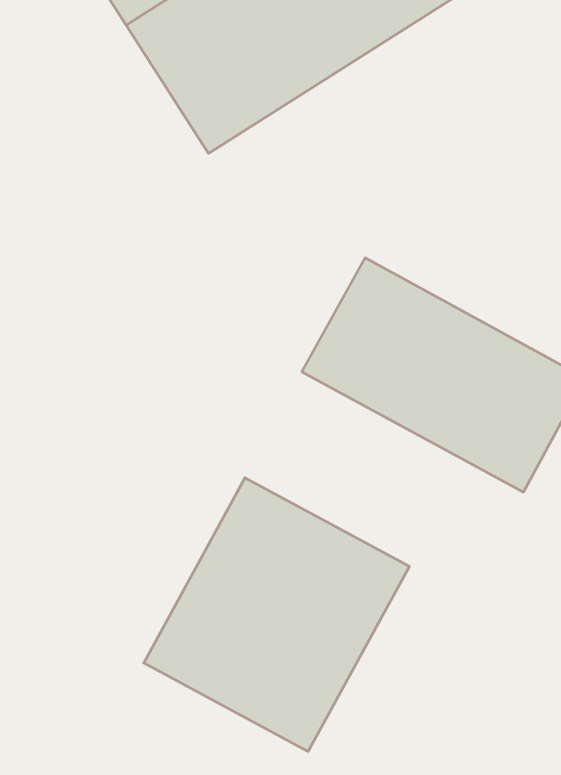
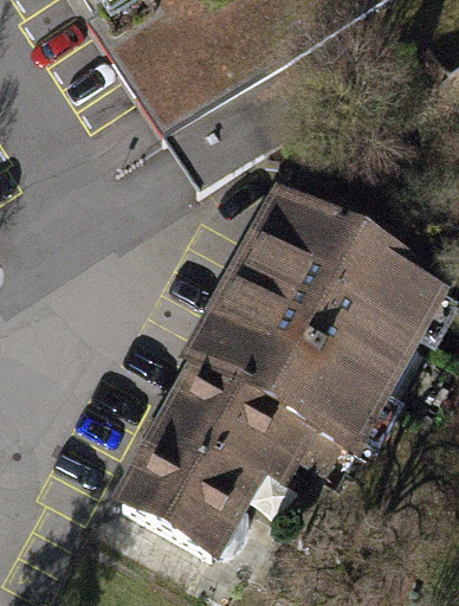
building: none -> [188,283,396,452]

